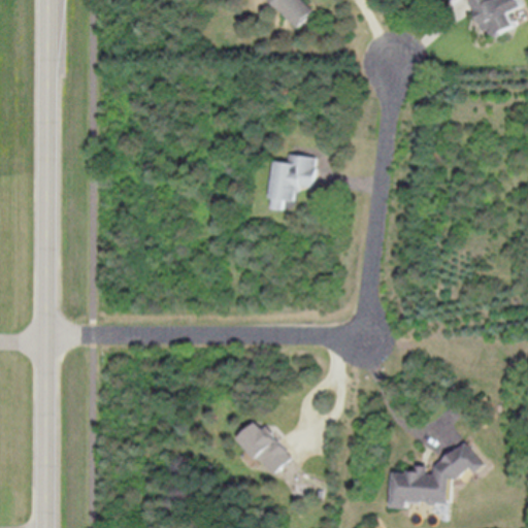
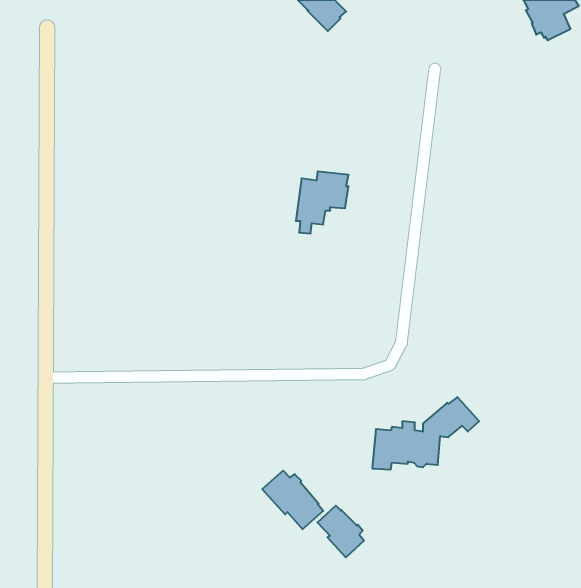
building: [388,442,484,507] -> [372,397,479,470]
building: none -> [317,506,364,557]

